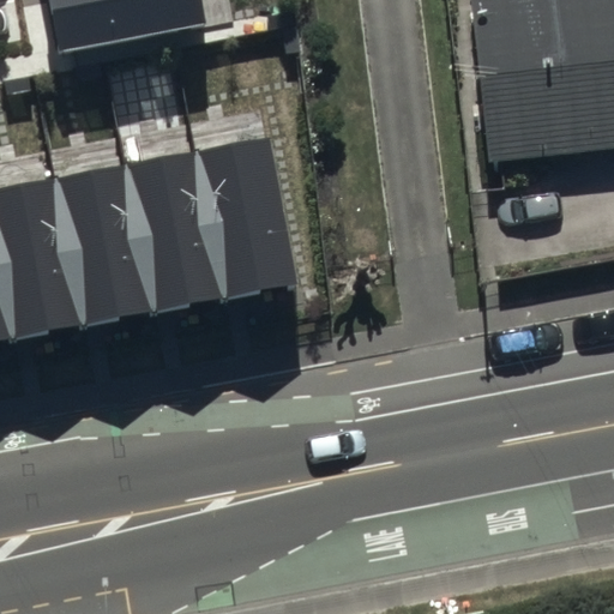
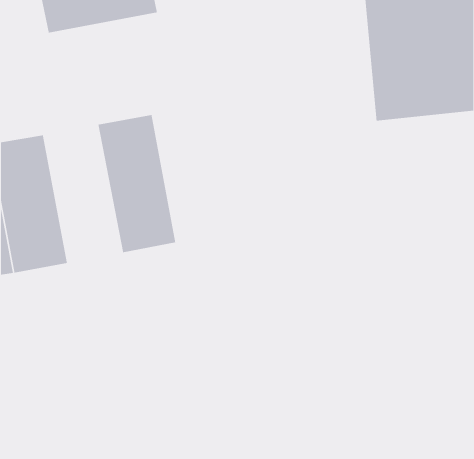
building: [197,134,299,314] -> none
building: [56,161,158,341] -> none

